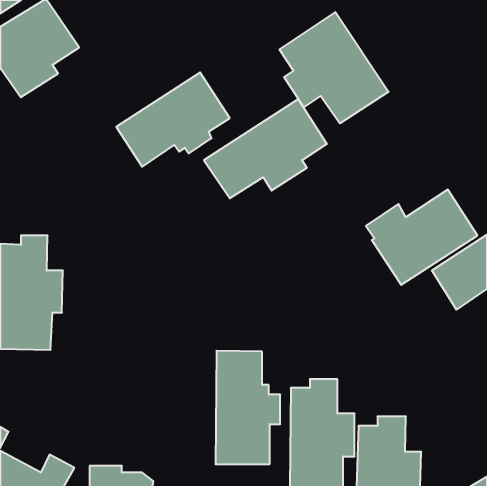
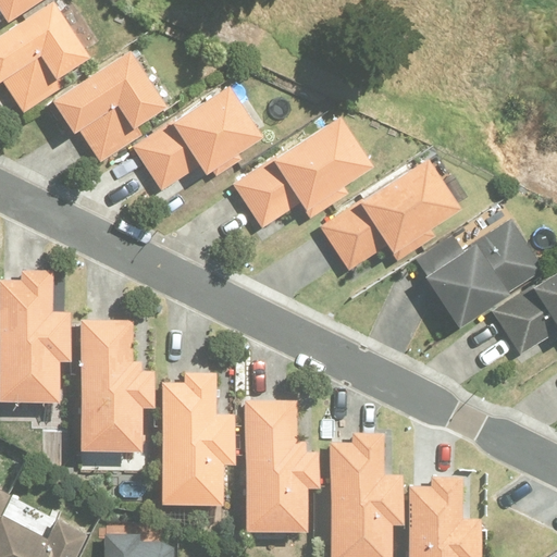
building: [280,12,389,123] -> none
building: none -> [51,48,166,162]
building: none -> [319,154,461,271]
building: none -> [79,321,153,450]
building: none -> [162,373,236,504]

